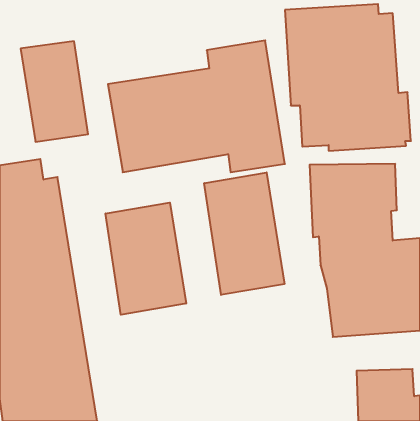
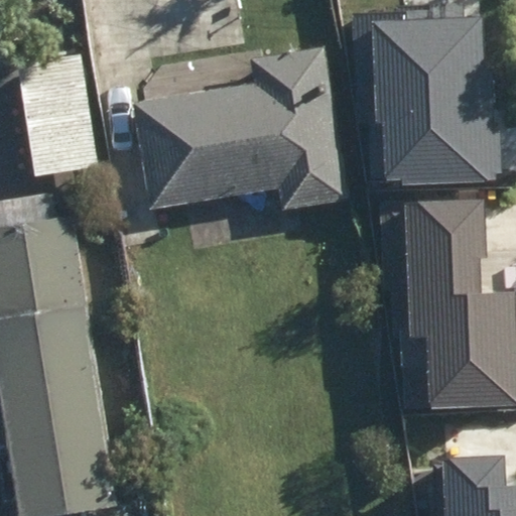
building: [204,172,284,295] -> none
building: [106,203,186,315] -> none

